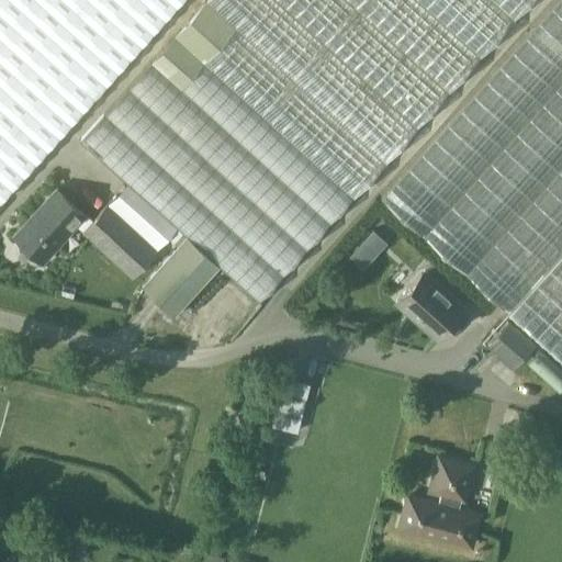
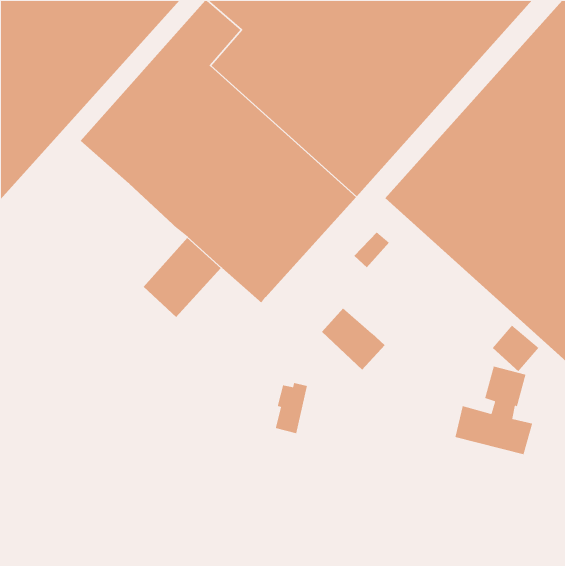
building: [15,182,177,276] -> none
building: [400,272,463,335] -> [321,307,385,371]
building: [403,457,481,546] -> [454,365,533,455]

